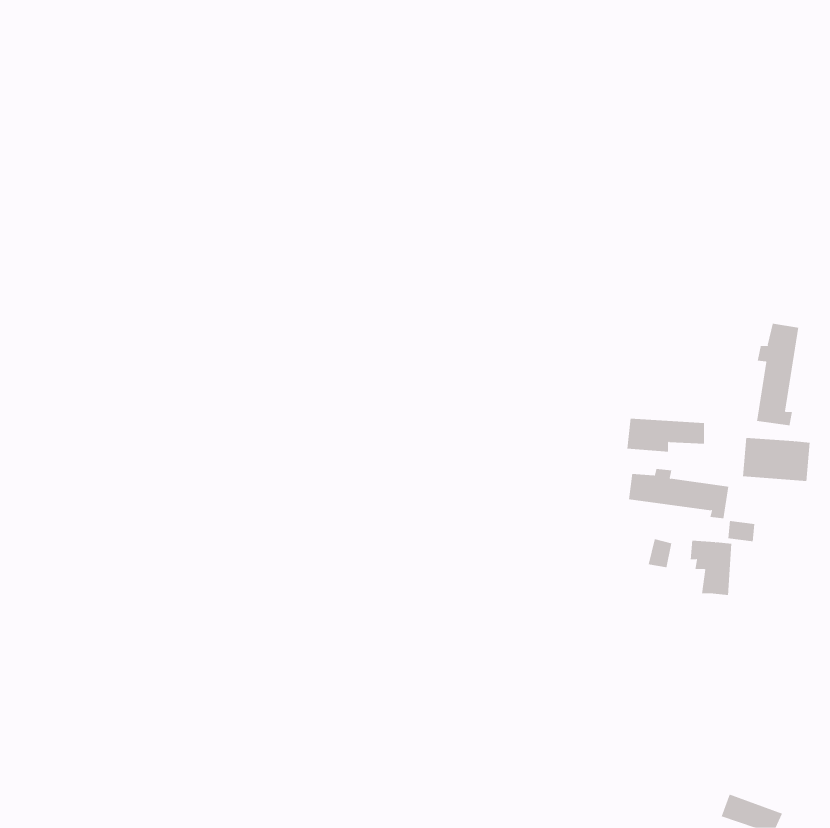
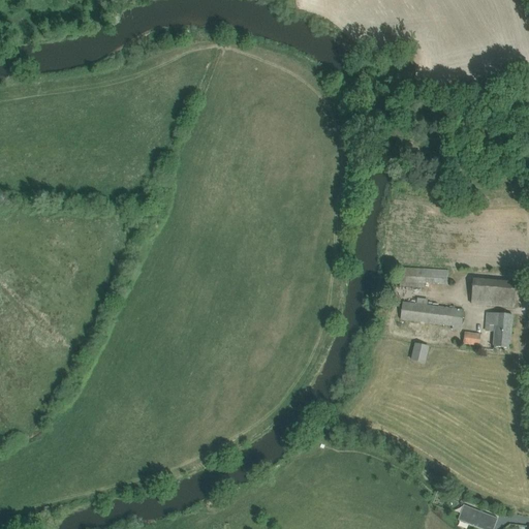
building: [757,323,799,426] -> none
building: [690,540,732,596] -> [485,311,511,346]

